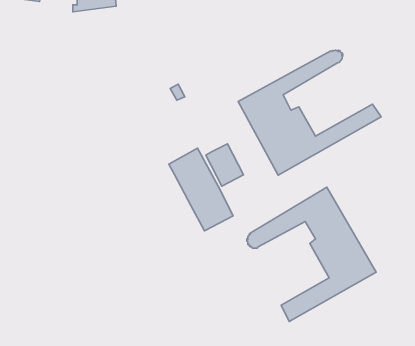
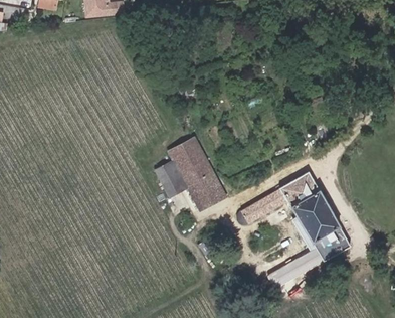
building: [238,50,381,175] -> none
building: [206,144,244,186] -> [154,160,187,197]

